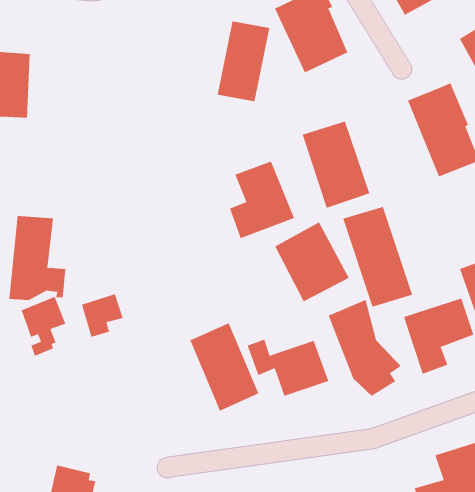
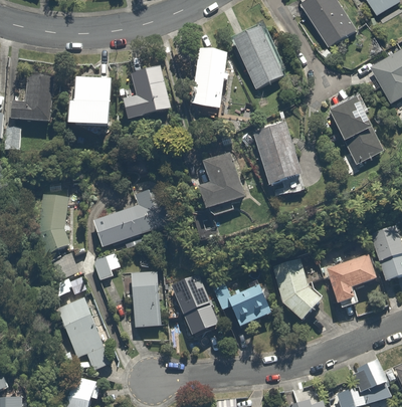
building: none -> [66,60,110,125]
building: none -> [122,66,171,121]
building: none -> [92,184,173,248]
building: [342,206,413,308] -> none
building: [275,222,349,302] -> none
building: none -> [121,271,161,329]
building: none -> [55,296,108,369]

